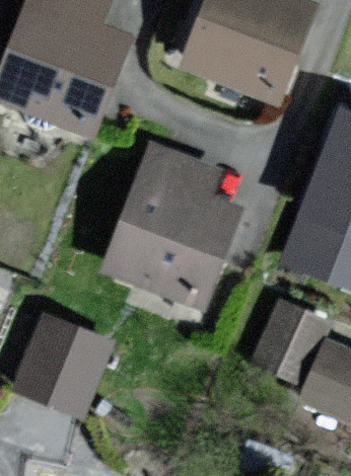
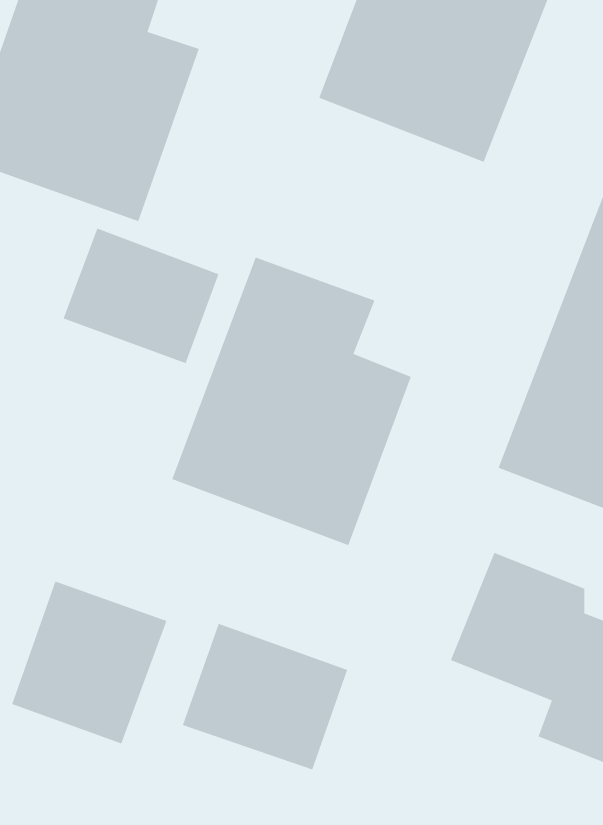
building: none -> [62,227,219,364]
building: none -> [182,623,348,771]

